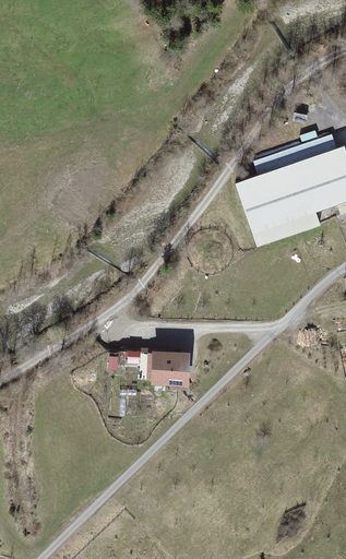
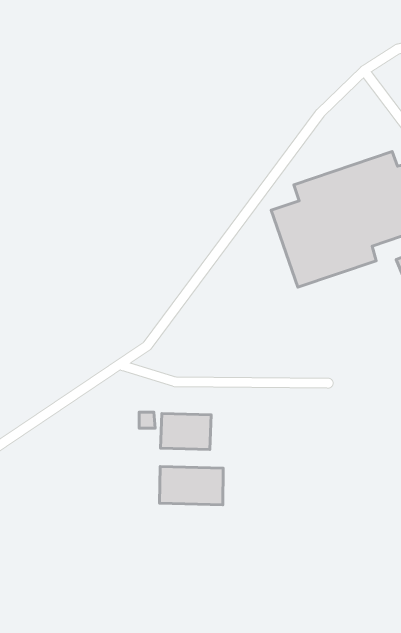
building: none -> [160,466,223,505]

